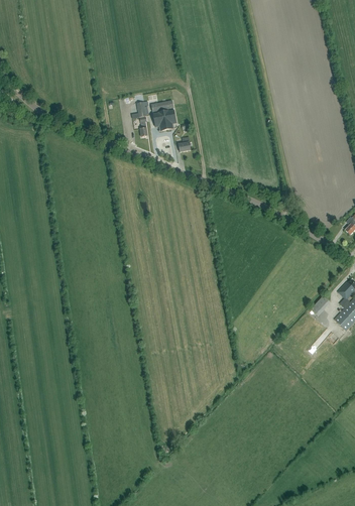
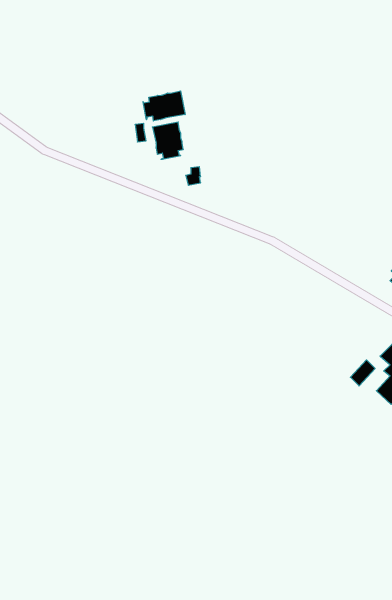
building: none -> [143,91,185,121]

